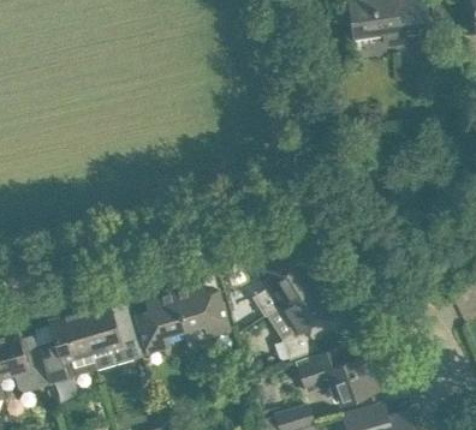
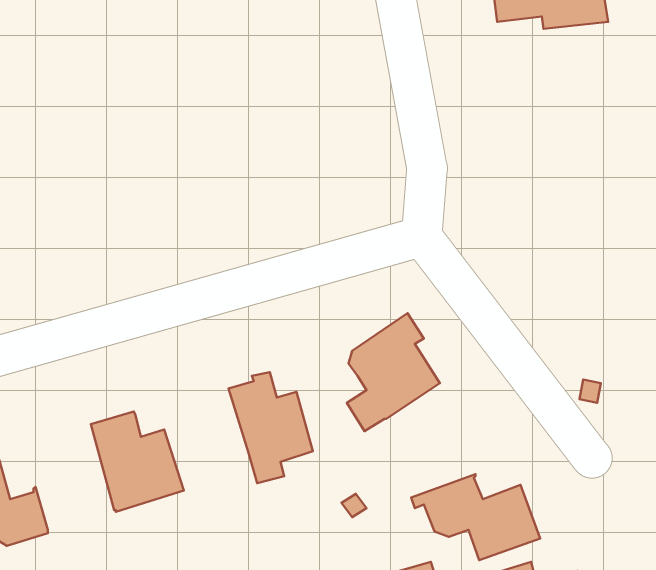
building: [279,285,345,360] -> none
building: [135,288,186,354] -> none
building: [43,312,96,383] -> none

